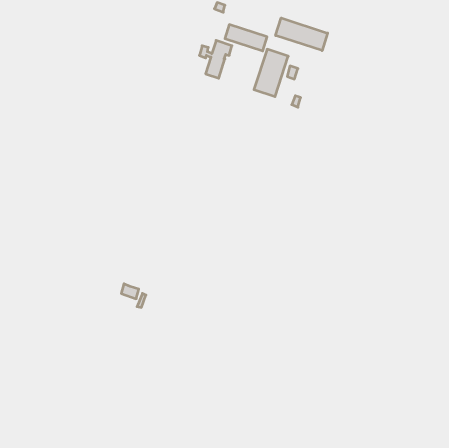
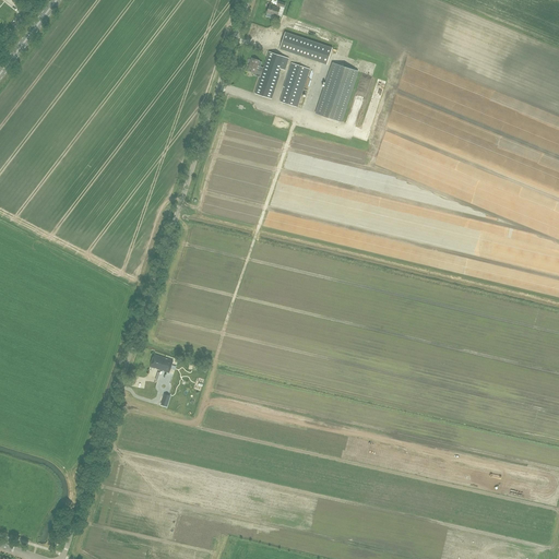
building: [276,18,328,51] -> none
building: none -> [280,62,310,106]

